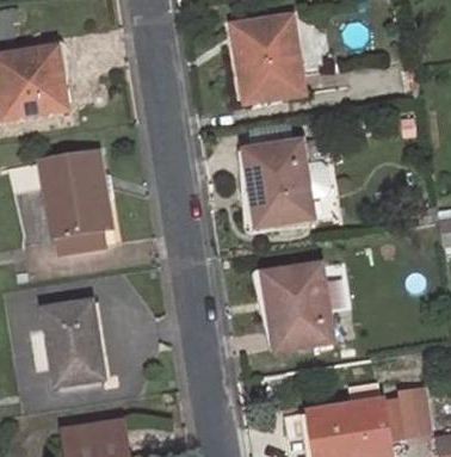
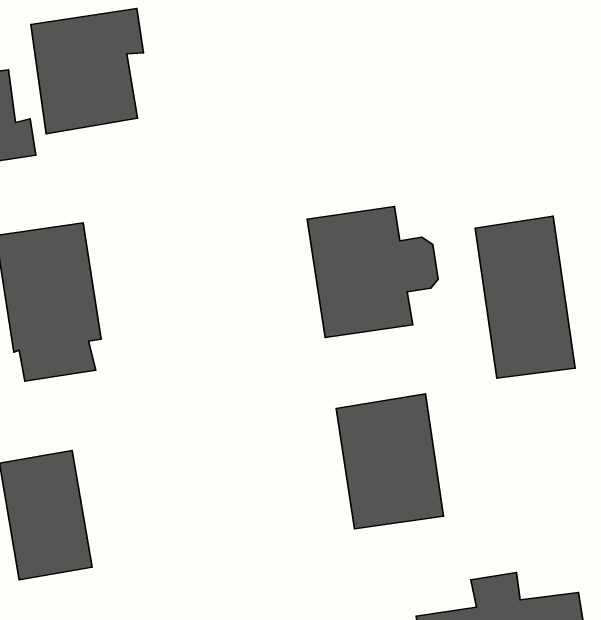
building: none -> [31,8,143,134]
building: [233,16,302,99] -> none
building: none -> [475,216,575,378]

